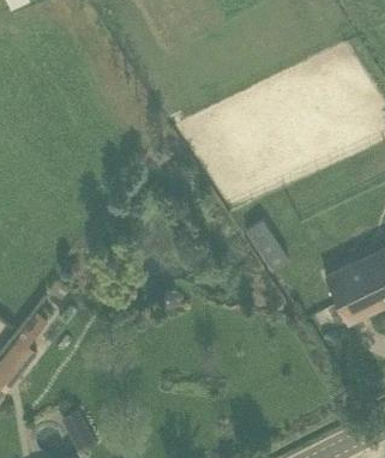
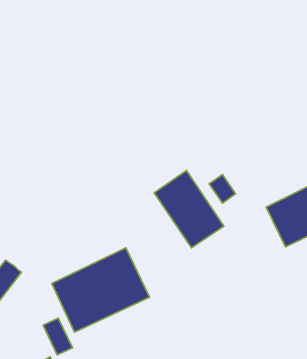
building: none -> [154,170,224,248]
building: none -> [52,248,150,332]

